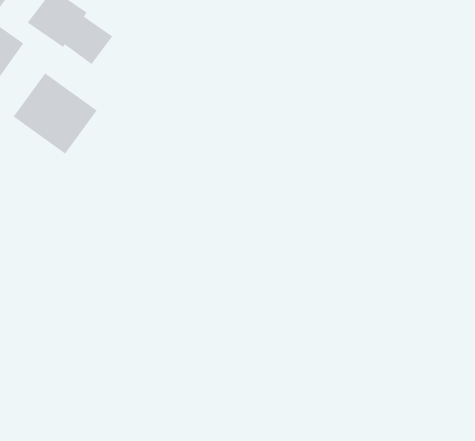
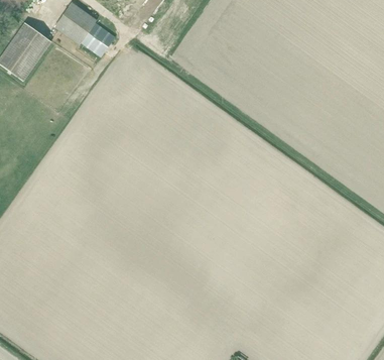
building: [13,72,98,154] -> none

